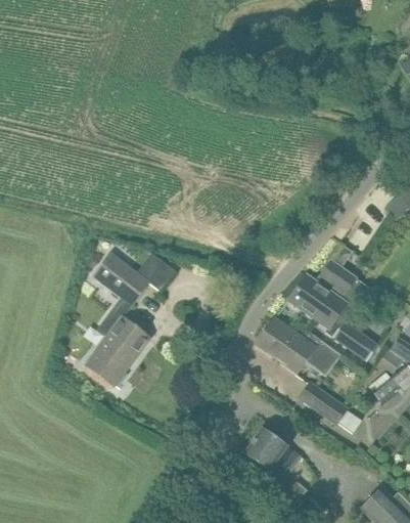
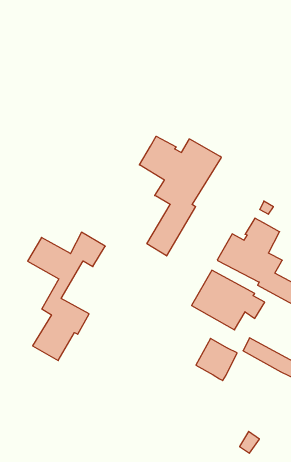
building: none -> [139,136,221,256]
building: [243,427,287,472] -> [196,338,237,381]

